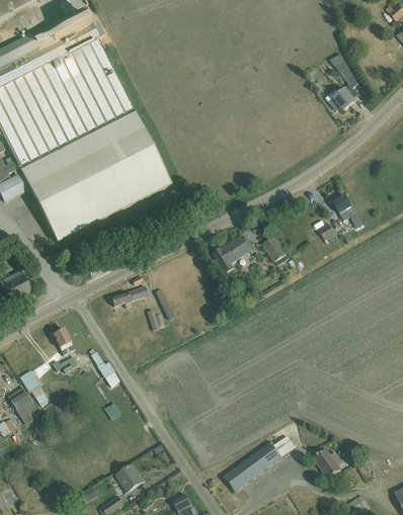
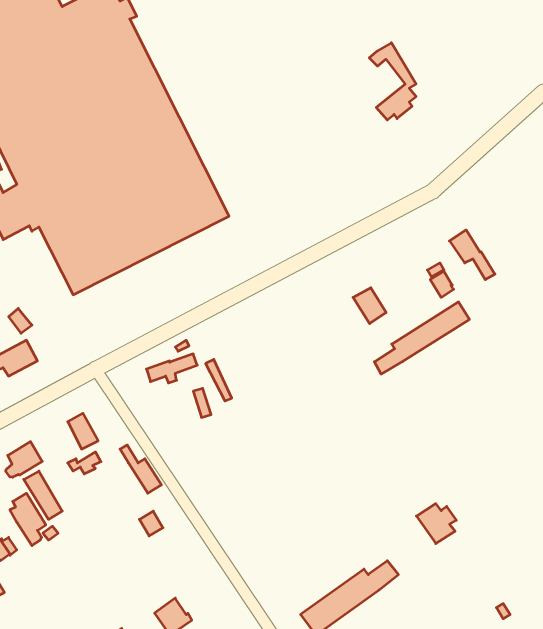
building: [323,54,357,110] -> [369,43,416,120]
building: [213,235,255,272] -> none
building: none -> [374,302,469,374]
building: none -> [6,442,42,477]
building: [313,448,342,478] -> [416,504,456,544]

